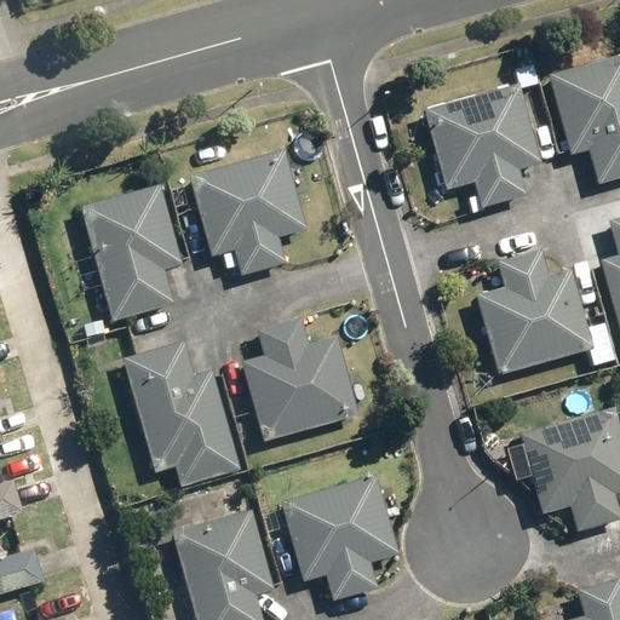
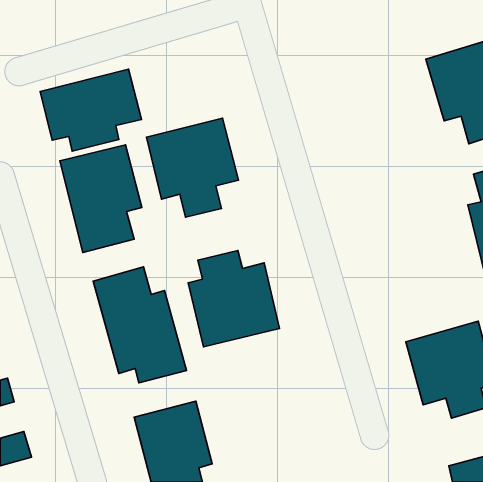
building: [423,82,544,207] -> none
building: none -> [40,69,141,151]
building: [477,249,596,375] -> none
building: [280,477,397,602] -> none

